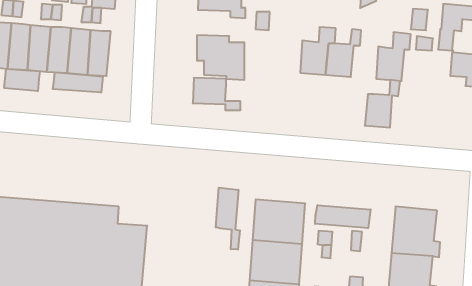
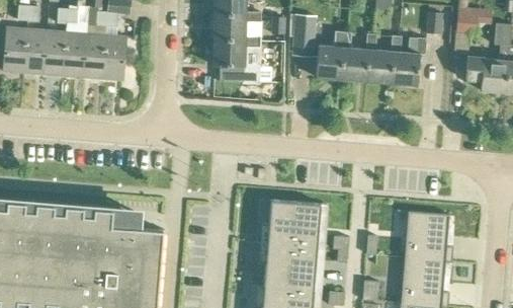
building: none -> [290,14,316,57]
building: [4,69,40,91] -> none
building: [53,72,103,93] -> none
building: [193,78,240,110] -> [211,14,259,47]
building: [365,80,400,128] -> [365,35,401,83]
building: [216,188,240,250] -> none
building: [315,205,371,228] -> none

